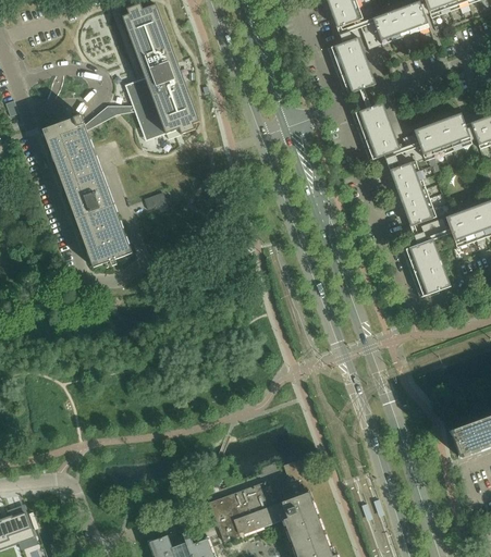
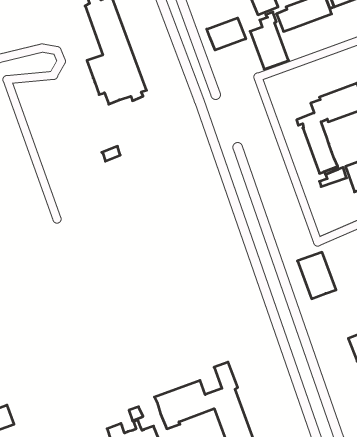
building: none -> [207,18,246,50]
building: [352,102,400,161] -> none
building: [44,107,135,268] -> none
building: [403,239,451,297] -> [297,252,336,299]

